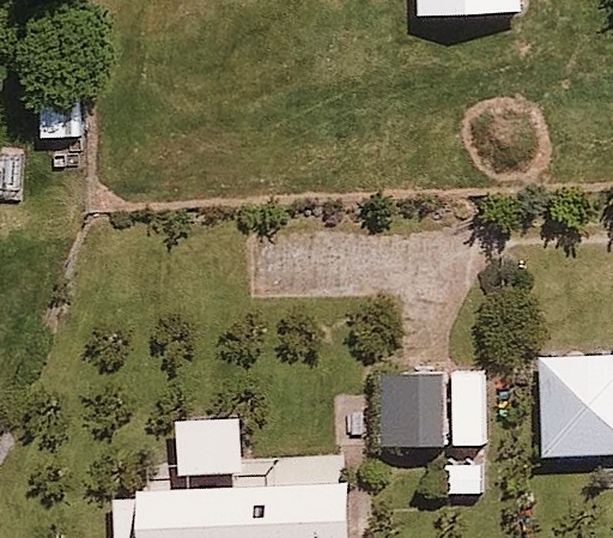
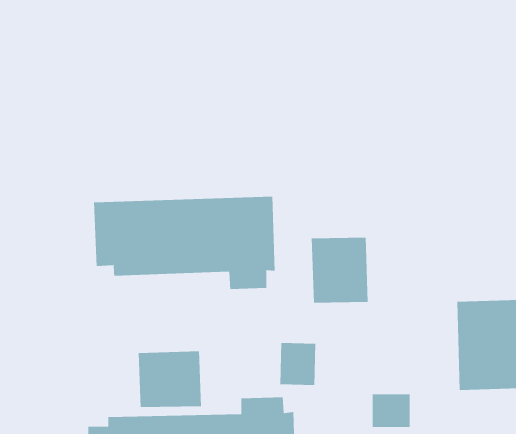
building: none -> [94,196,275,290]
building: [383,368,449,443] -> [311,237,369,303]

